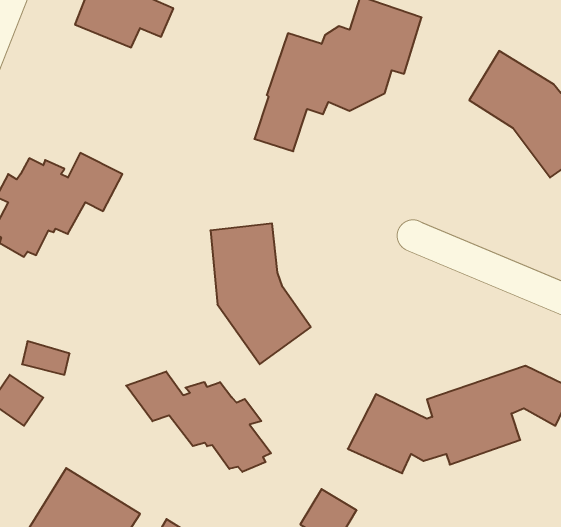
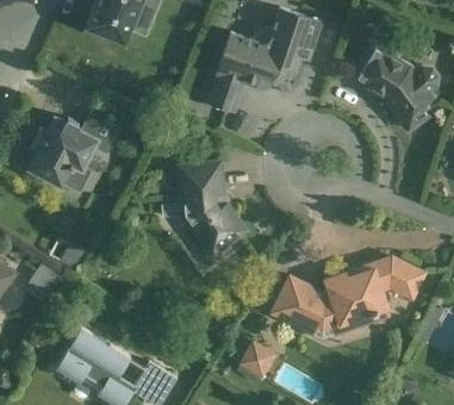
building: [126,371,271,472] -> none

